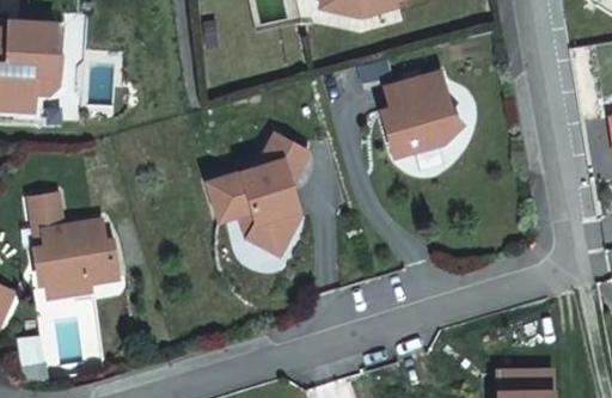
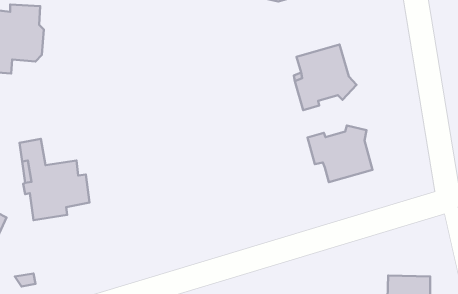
building: [206,134,307,255] -> none
building: none -> [308,126,372,182]

